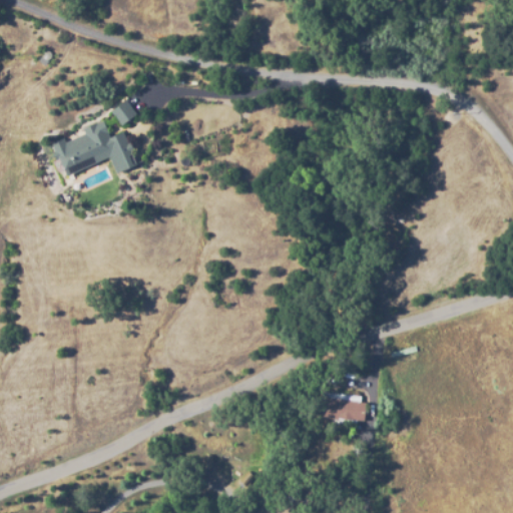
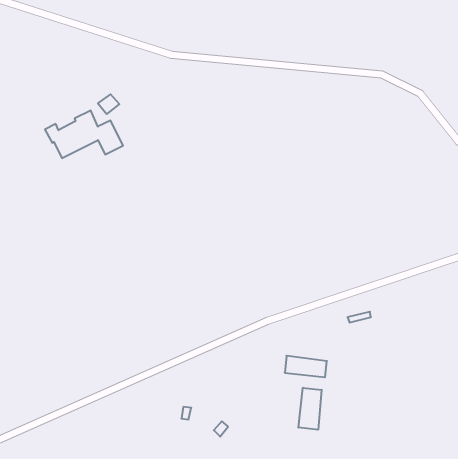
building: none -> [298,388,322,430]

